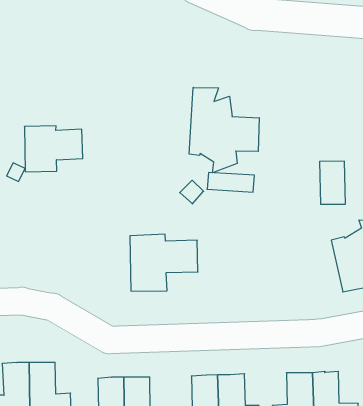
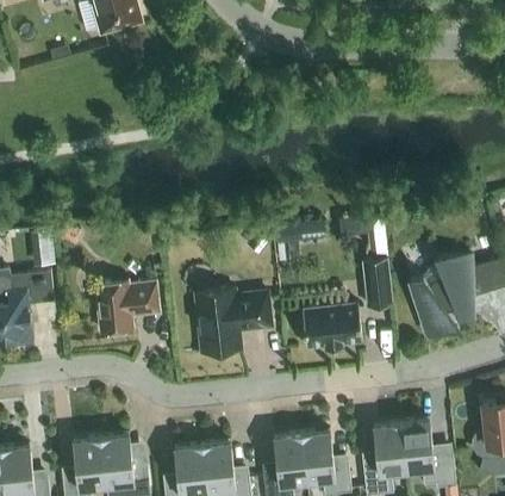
building: [189,87,259,173] -> none
building: [24,126,83,172] -> [95,281,160,333]
building: [320,161,345,204] -> [362,260,393,308]
building: none -> [301,304,362,349]

